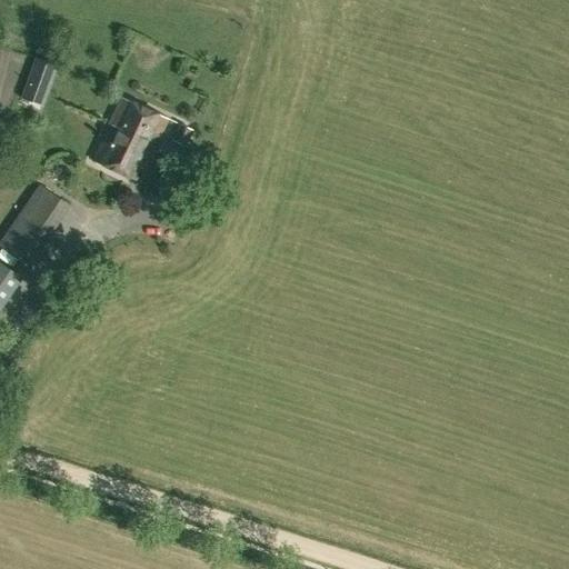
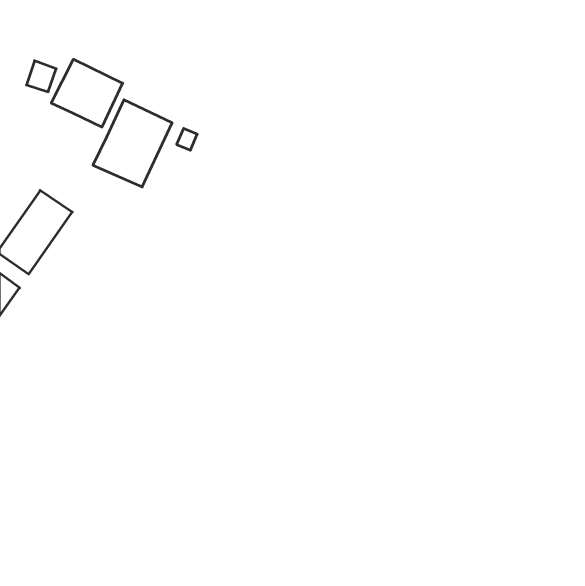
building: none -> [51,59,123,127]

